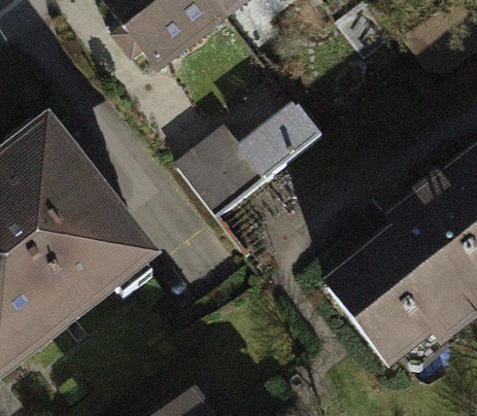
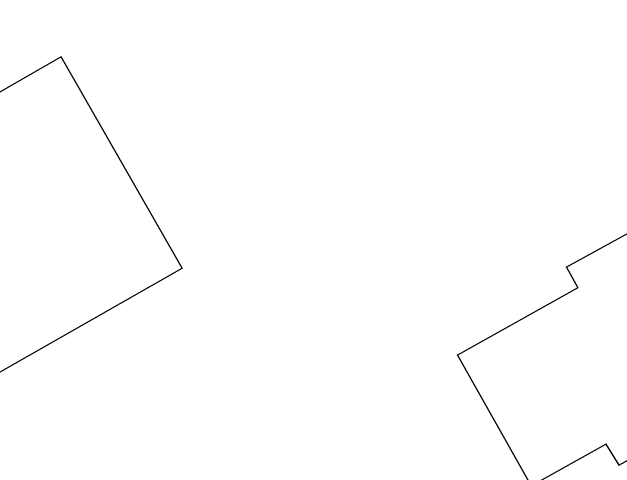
building: [185,101,334,215] -> none

